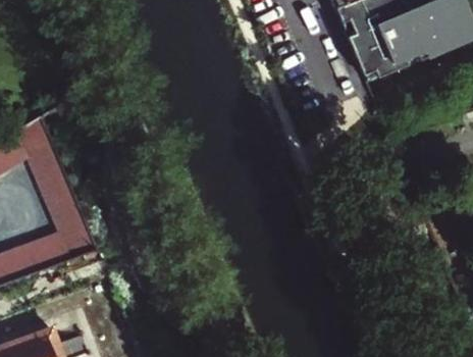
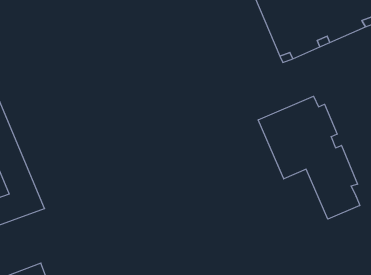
building: none -> [258,96,360,219]

